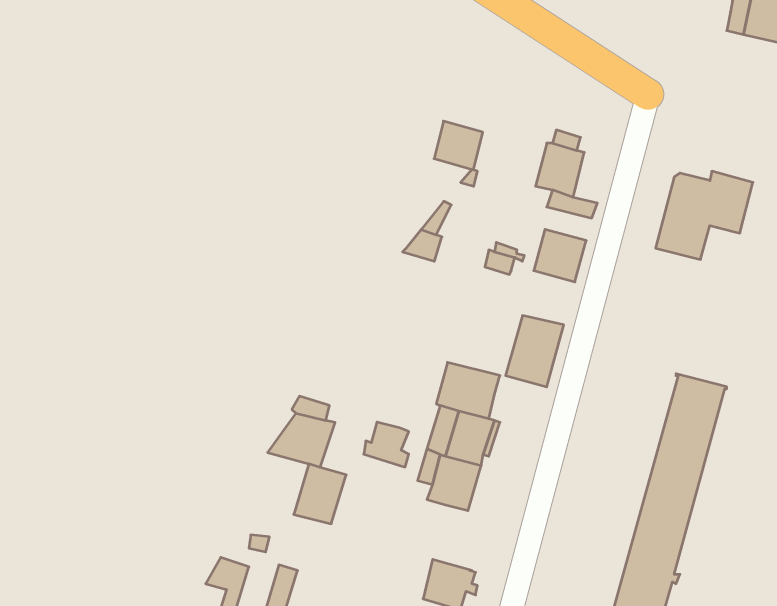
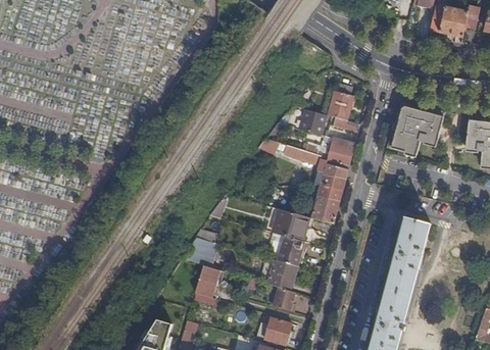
building: [434,121,483,170] -> [299,108,326,135]
building: none -> [320,160,348,190]
building: [364,422,409,467] -> [271,288,295,312]

